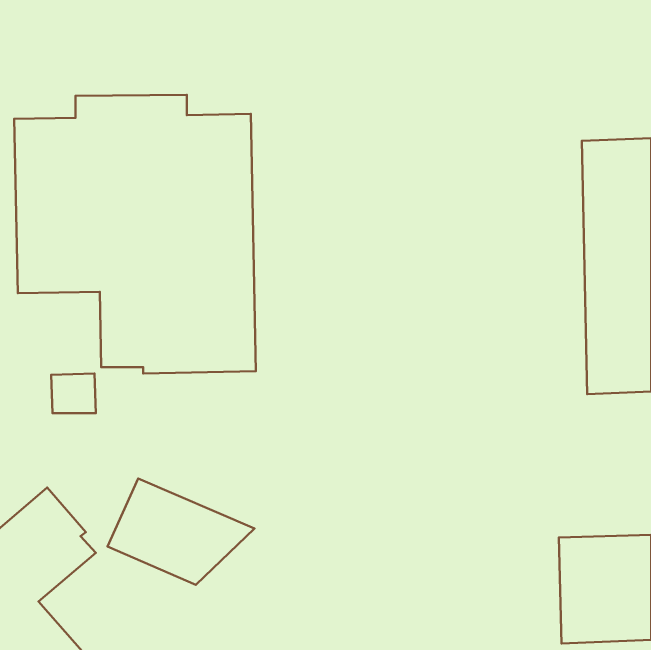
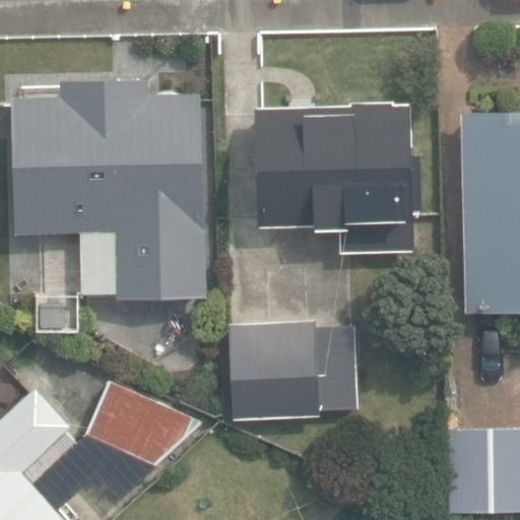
building: none -> [257,102,412,253]
building: none -> [229,323,359,417]

